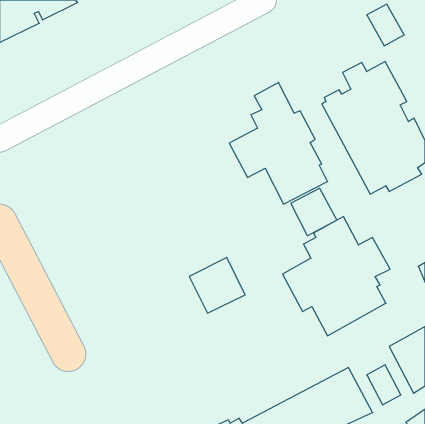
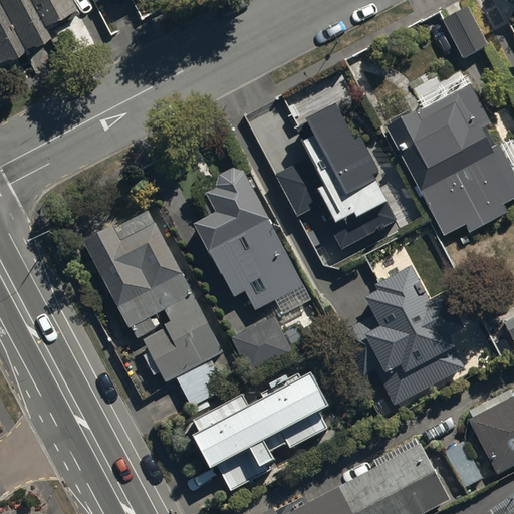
building: none -> [196,169,310,314]
building: none -> [83,207,227,407]
building: [291,188,337,236] -> none
building: none -> [193,369,331,491]

